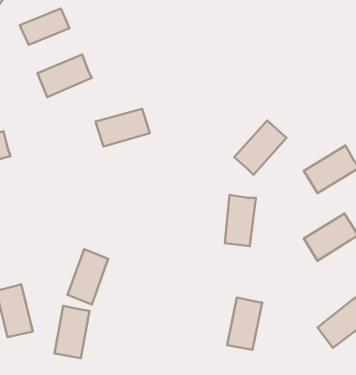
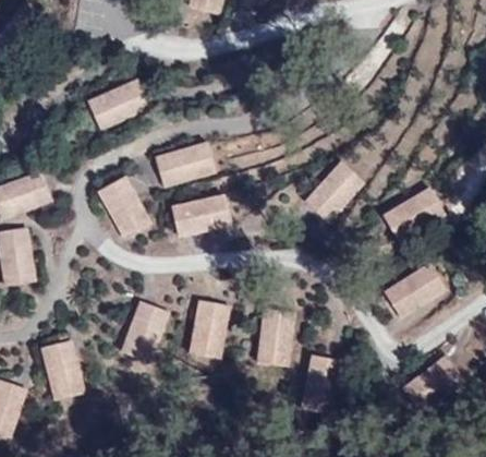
building: [20,8,70,45] -> none
building: none -> [100,172,150,234]
building: none -> [174,195,232,230]
building: [225,195,256,246] -> [256,310,291,368]
building: [55,306,89,358] -> [187,301,227,360]

